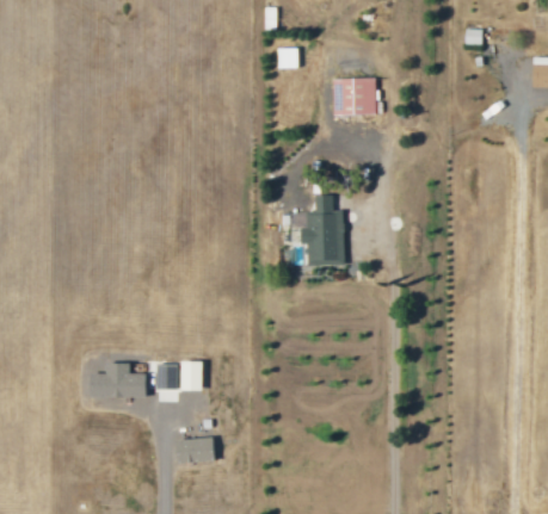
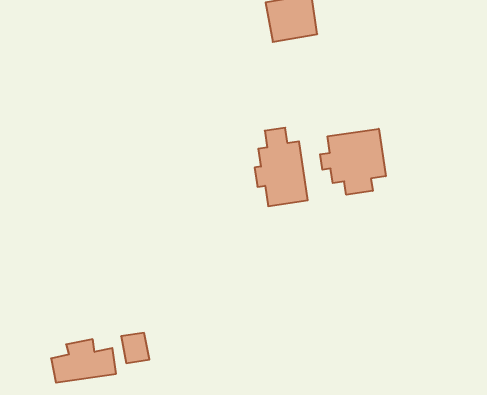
building: none -> [320,129,386,195]
building: [181,361,203,391] -> none

